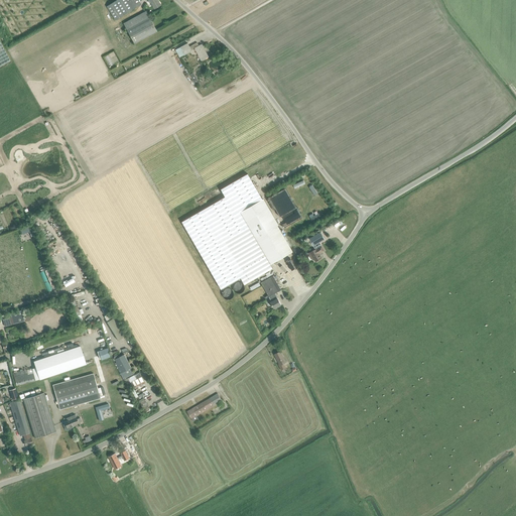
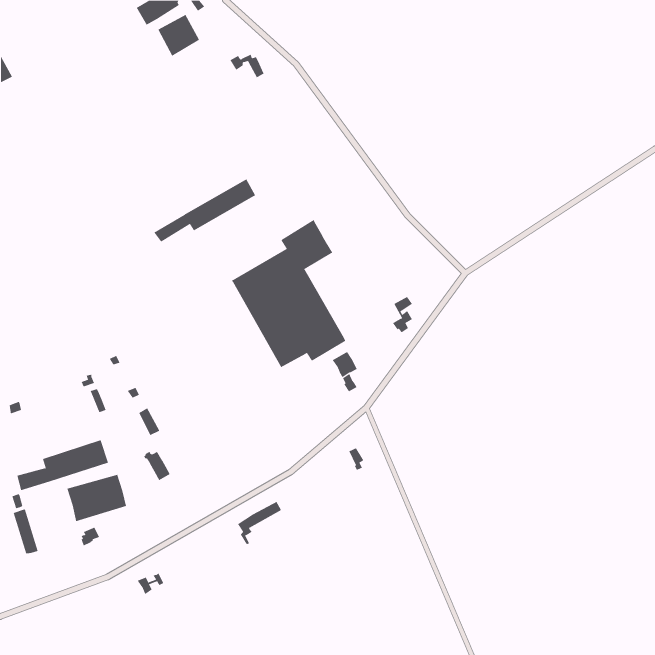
building: none -> [154,179,256,243]
building: [240,199,292,264] -> none
building: [23,392,55,438] -> none

